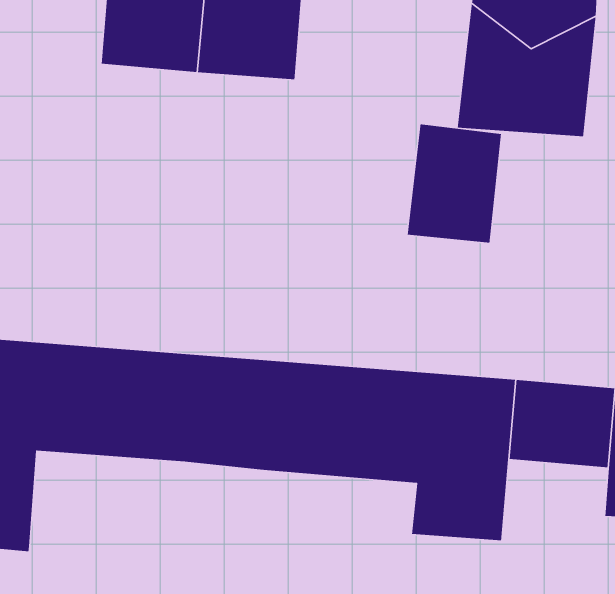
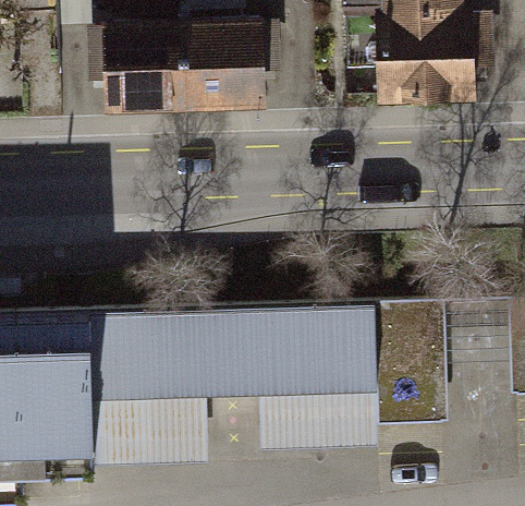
building: [407,124,502,244] -> none
building: none -> [86,389,198,463]
building: none -> [255,387,370,446]

